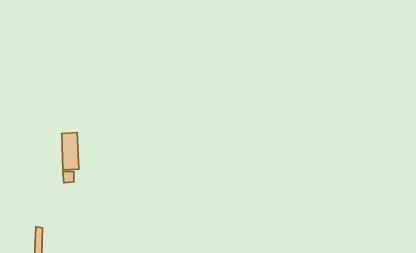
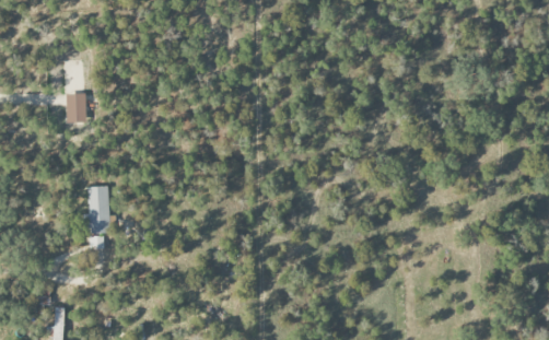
building: none -> [66,93,85,121]

